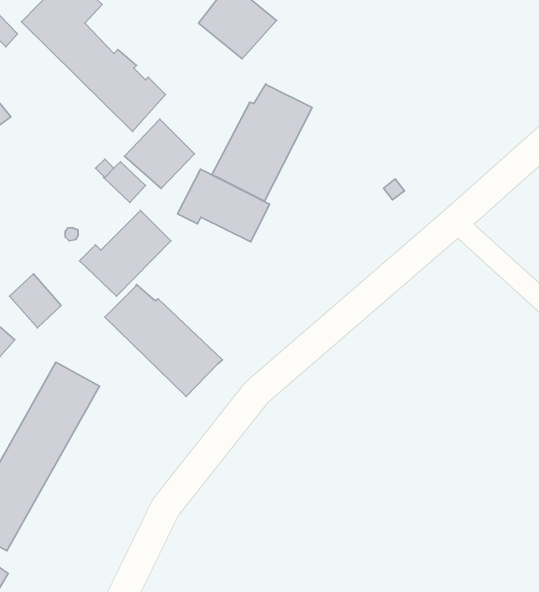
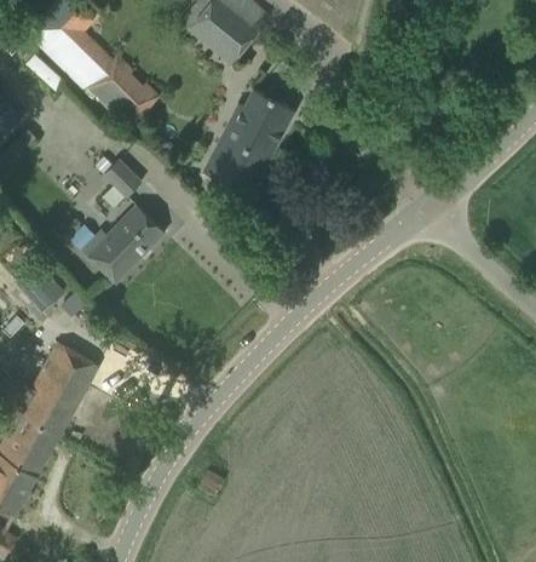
building: [124,119,195,189] -> none
building: [177,169,269,242] -> none
building: [105,285,223,397] -> none

